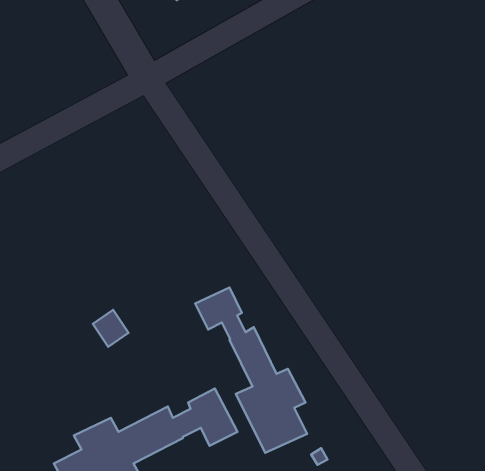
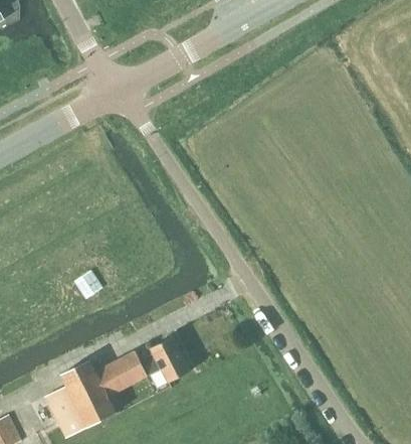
building: [195,287,307,453] -> none

